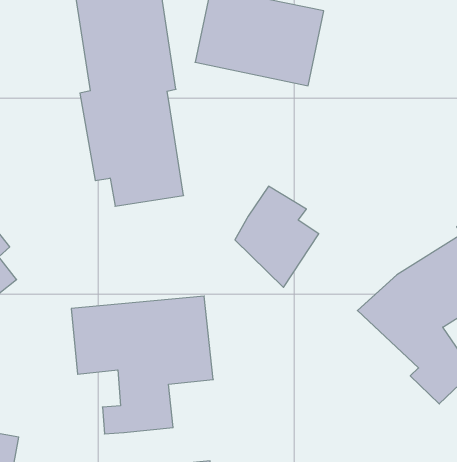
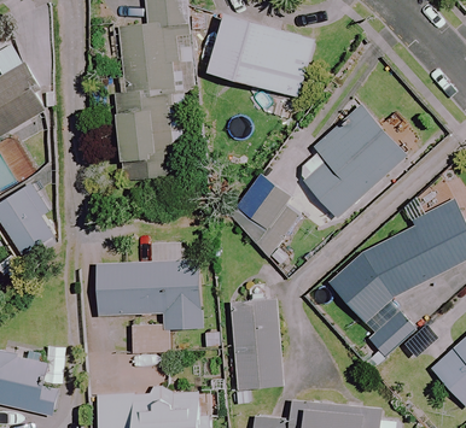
building: none -> [295,104,407,219]
building: none -> [233,300,280,389]

